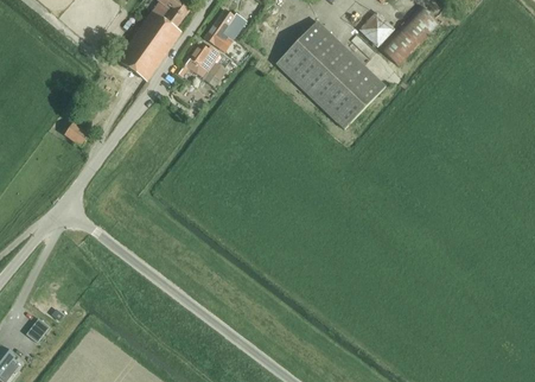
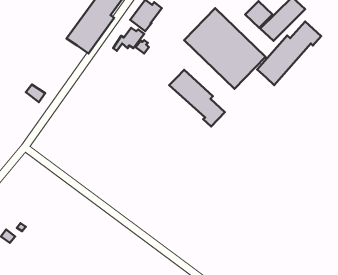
building: none -> [257,22,321,85]
building: none -> [169,70,225,127]

